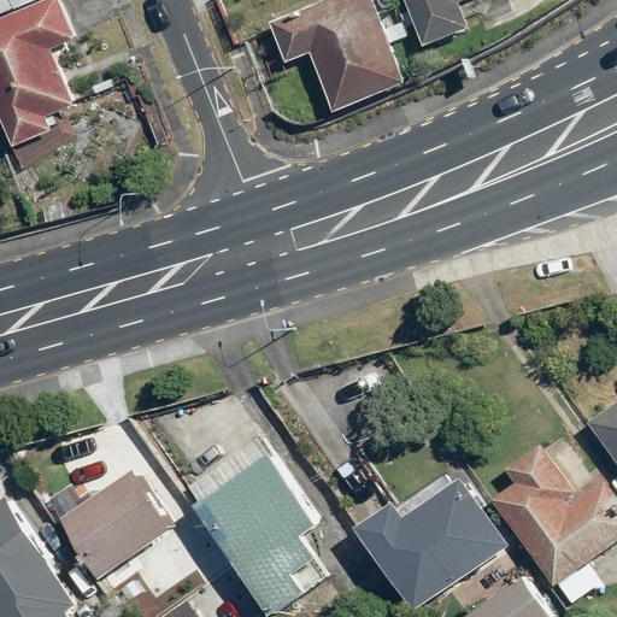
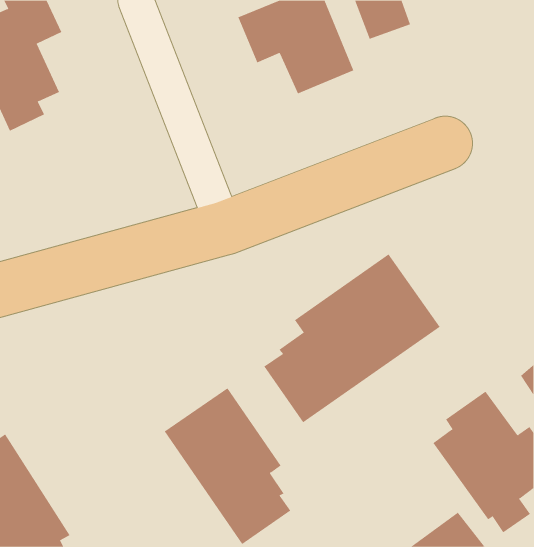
building: none -> [264,254,440,423]
building: [59,469,171,580] -> none
building: [359,476,507,611] -> none

